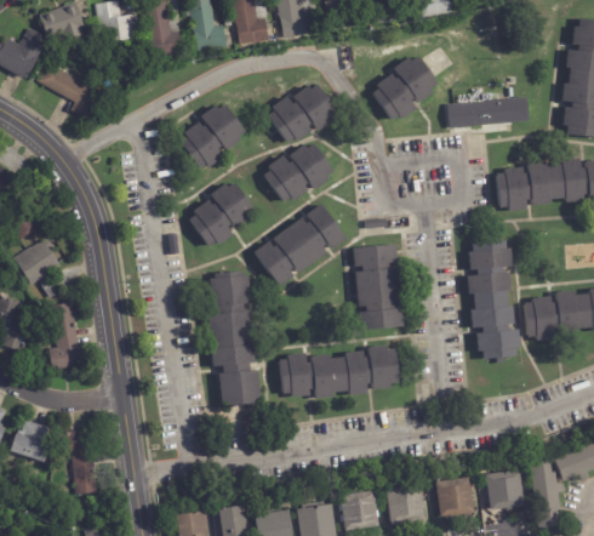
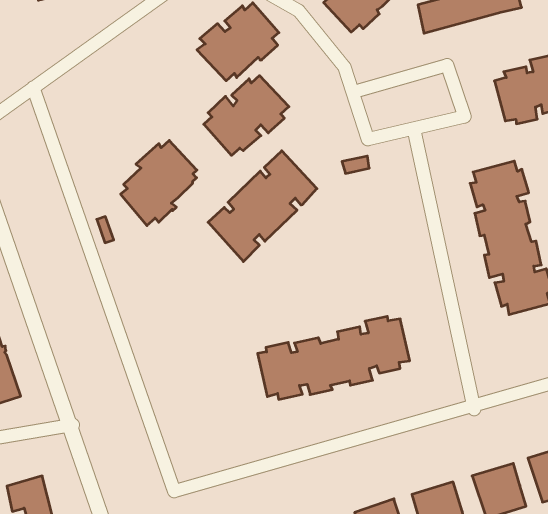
building: [181,103,244,167] -> none
building: [356,243,406,331] -> none
building: [211,270,263,405] -> none

